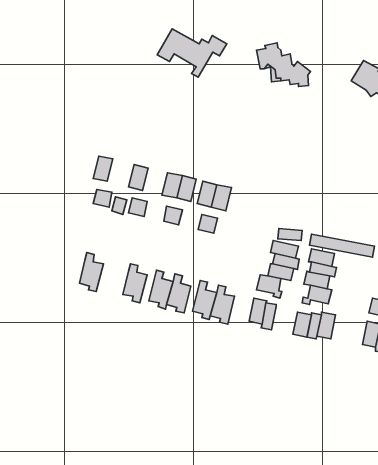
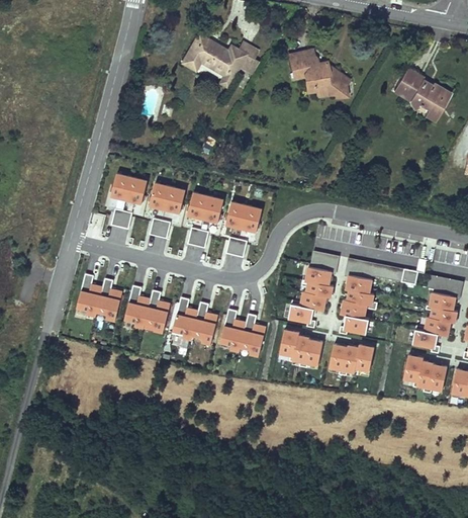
building: none -> [126,177,148,205]
building: none -> [165,187,186,214]
building: none -> [76,274,102,317]
building: none -> [123,286,150,329]
building: none -> [305,338,324,365]

